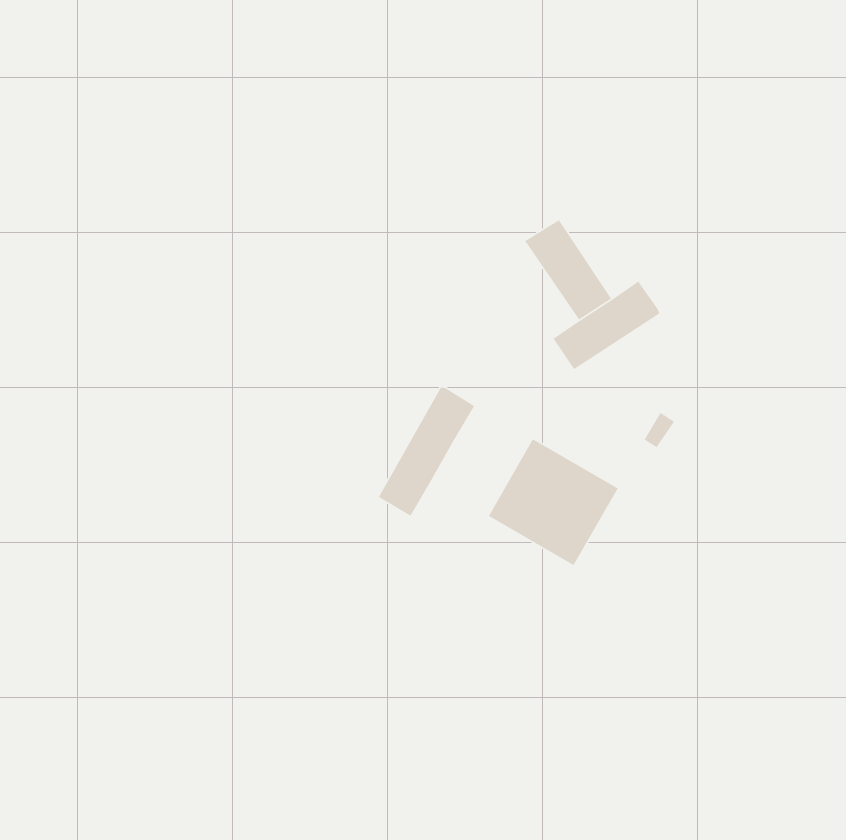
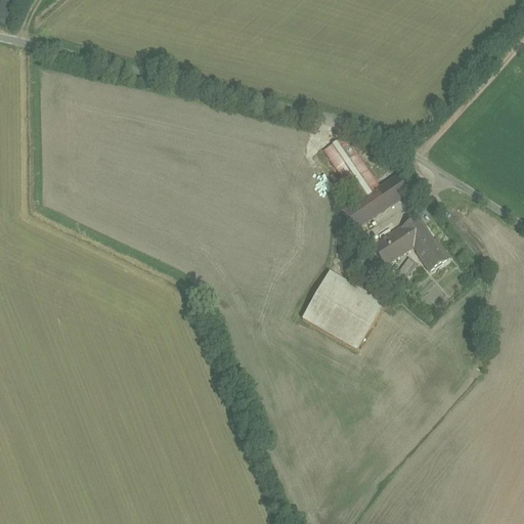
building: none -> [362,213,446,270]
building: [378,387,475,517] -> none

